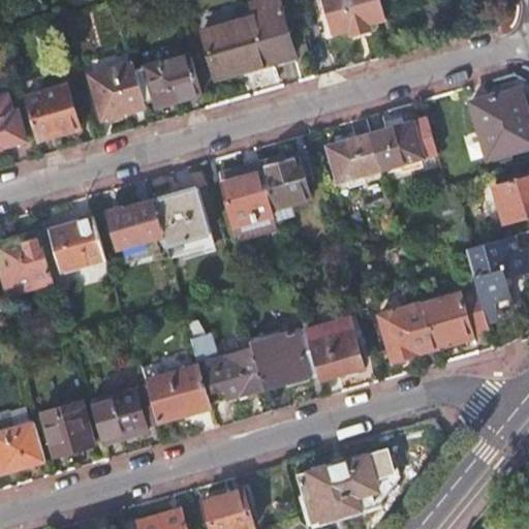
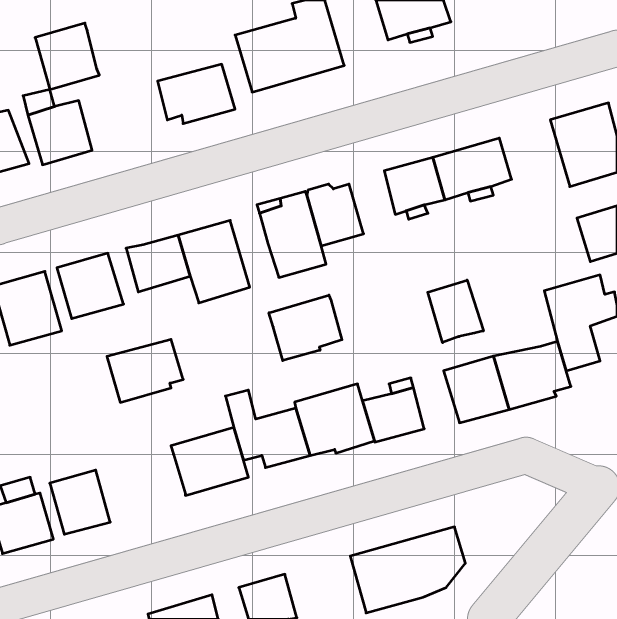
building: [90,63,145,120] -> [35,23,99,90]
building: none -> [428,280,483,343]
building: none -> [269,295,342,361]
building: [93,387,158,441] -> [107,339,183,402]

